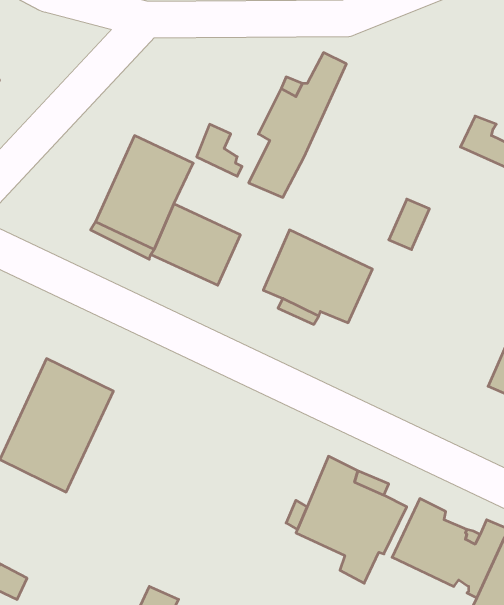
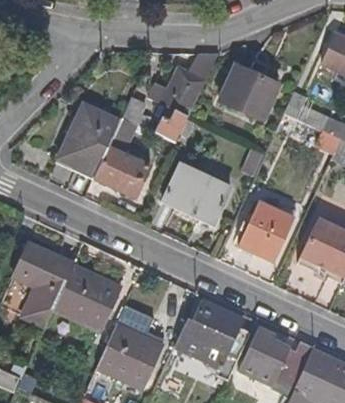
building: none -> [220,64,280,119]
building: none -> [239,201,292,260]
building: none -> [54,266,121,331]
building: none -> [95,309,161,387]

